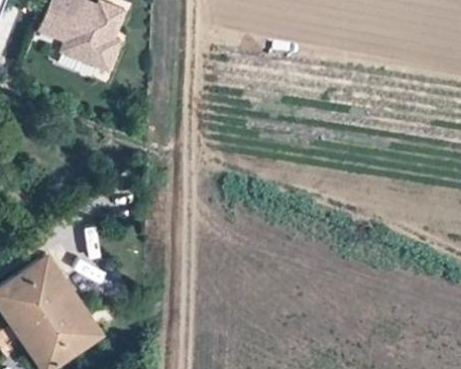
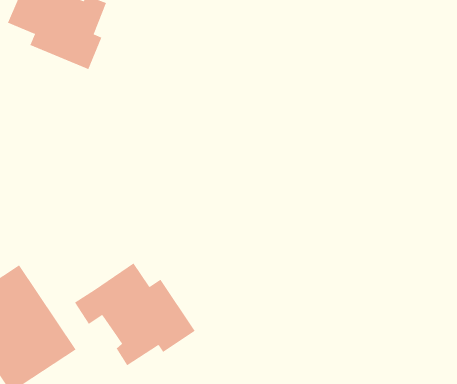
building: none -> [74,262,196,366]

